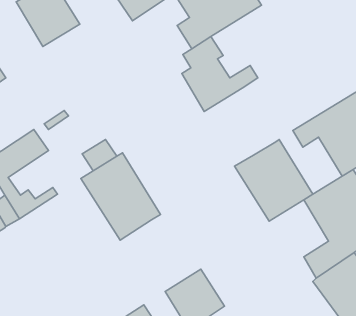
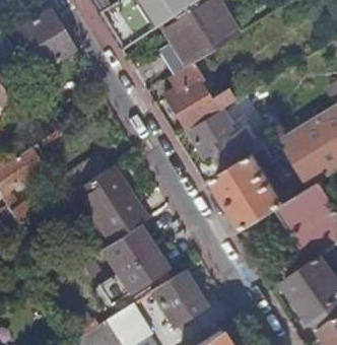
building: none -> [186,109,257,169]
building: none -> [102,228,164,293]

